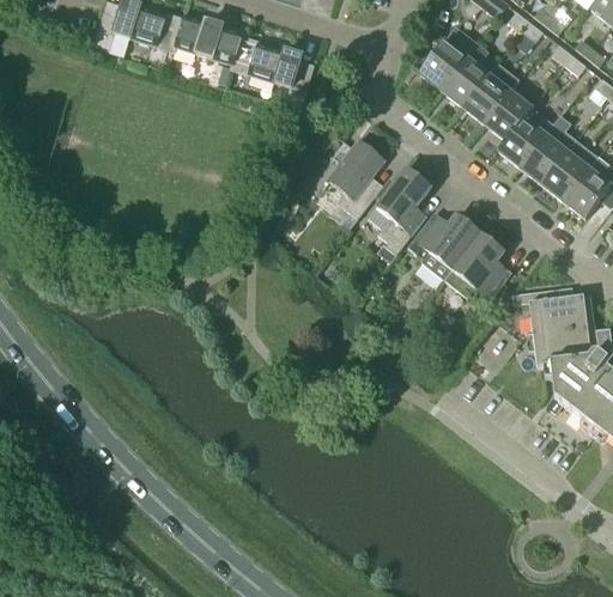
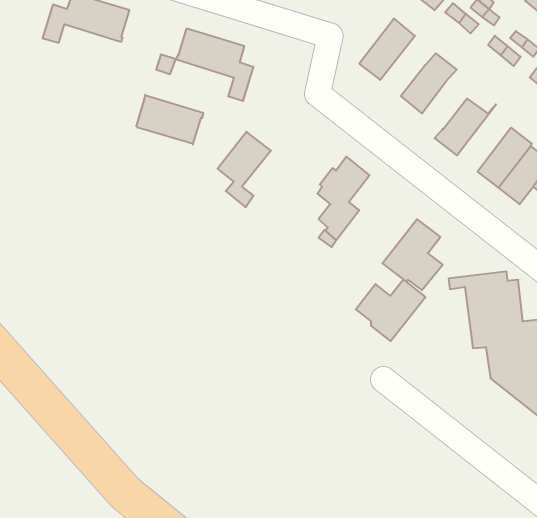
building: [175,13,244,65] -> [136,95,203,145]
building: [442,44,488,106] -> none
building: [485,91,532,141] -> none
building: [521,115,577,184] -> none
building: [329,141,384,219] -> [218,132,271,207]
building: [408,215,480,279] -> [356,279,425,341]

